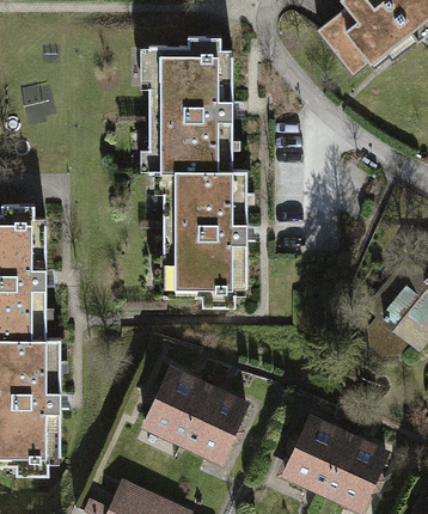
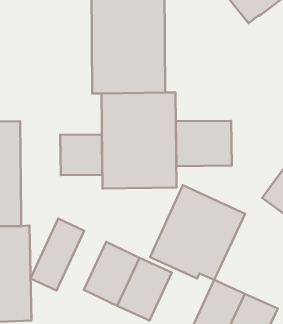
building: none -> [176,121,232,166]
building: none -> [60,134,102,175]
building: none -> [150,185,245,280]
building: none -> [31,218,84,291]

